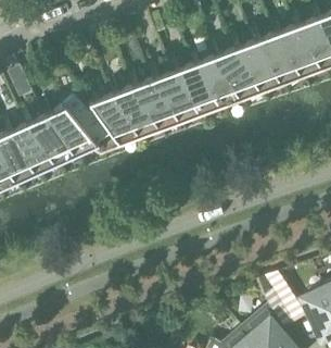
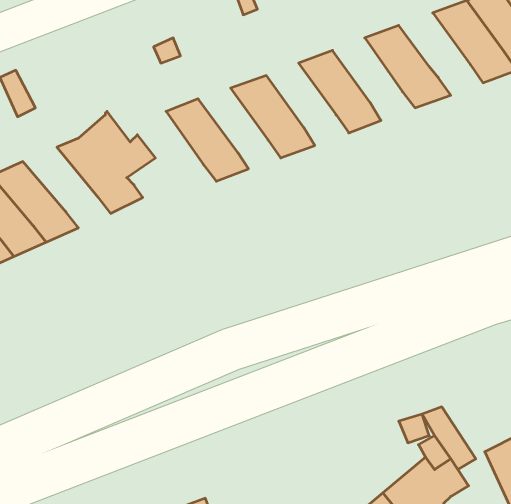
building: [253,35,304,85] -> none
building: [213,50,263,100] -> none
building: [173,65,222,115] -> none
building: [131,80,181,129] -> none
building: [88,95,142,147] -> none
building: [25,116,78,165] -> none

